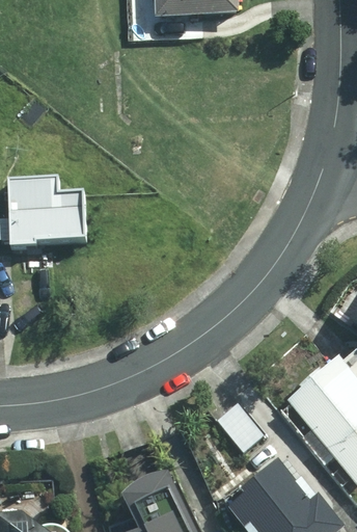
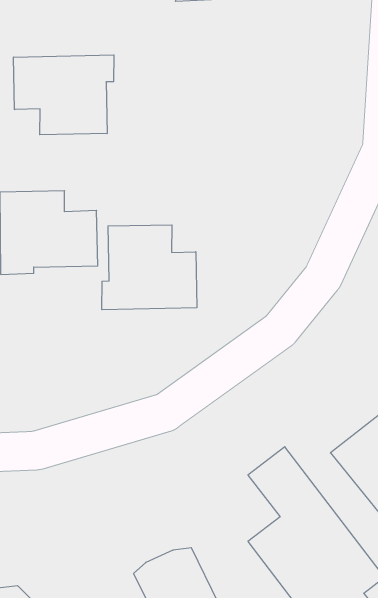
building: none -> [14,55,114,135]
building: none -> [102,225,197,310]

